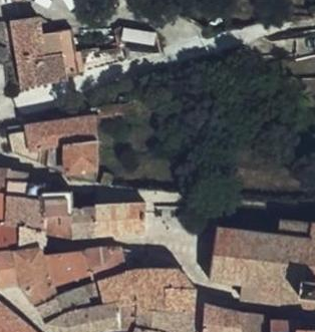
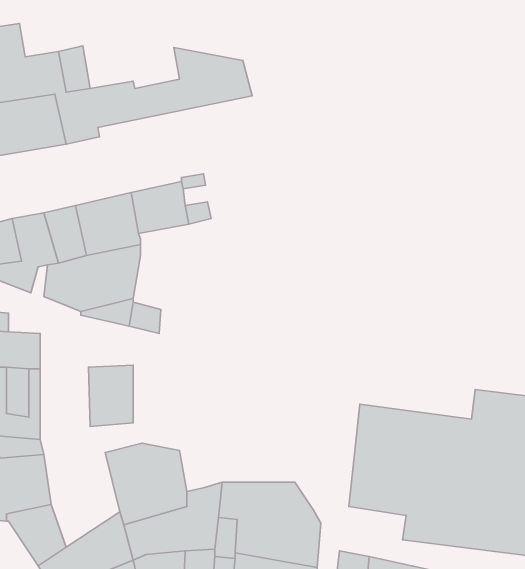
building: [44,193,71,237] -> none
building: [94,202,146,235] -> none
building: [47,251,87,302] -> none

